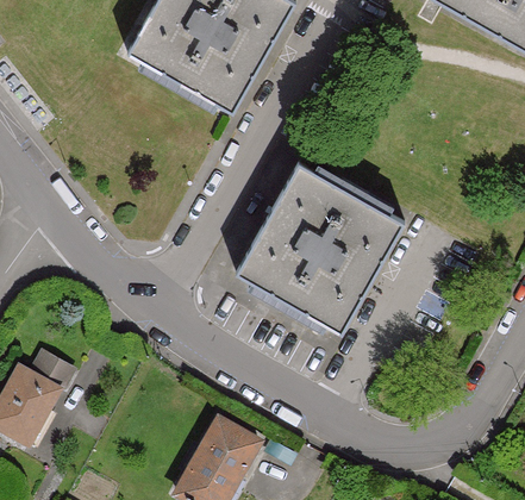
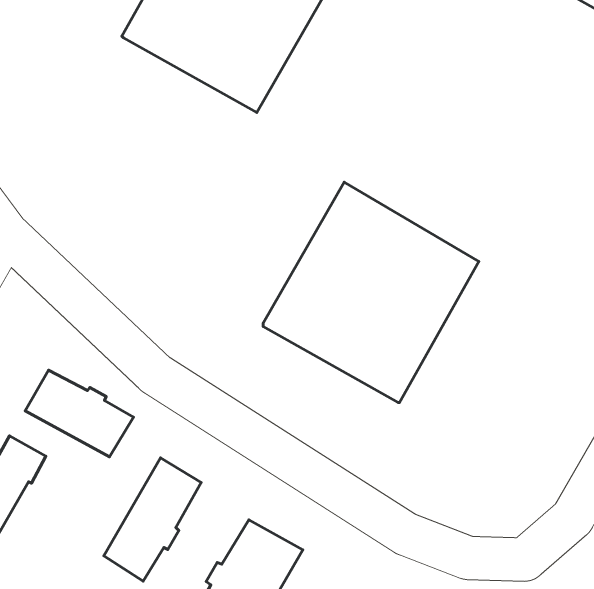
building: none -> [25,370,133,457]
building: none -> [104,458,201,581]

